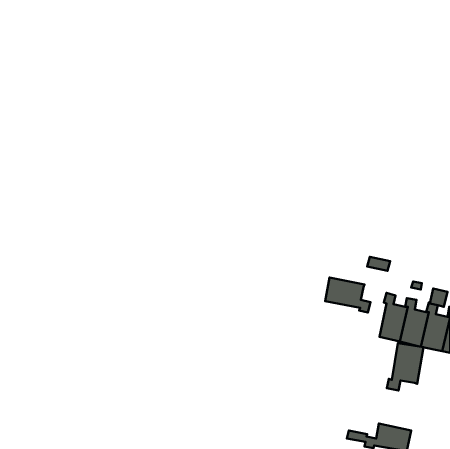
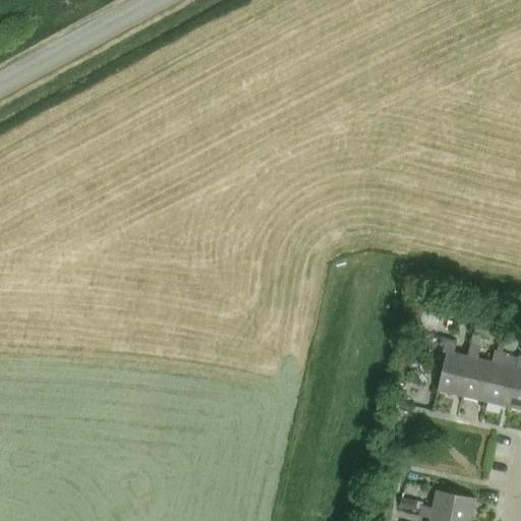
building: [325,277,370,313] -> none
building: [387,343,423,391] -> none

